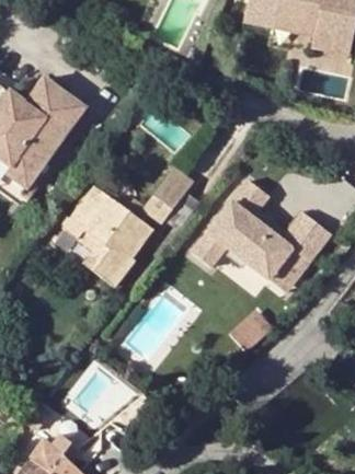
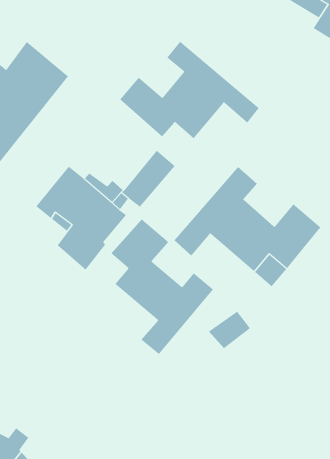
building: none -> [119,41,259,139]
building: none -> [110,219,214,355]

